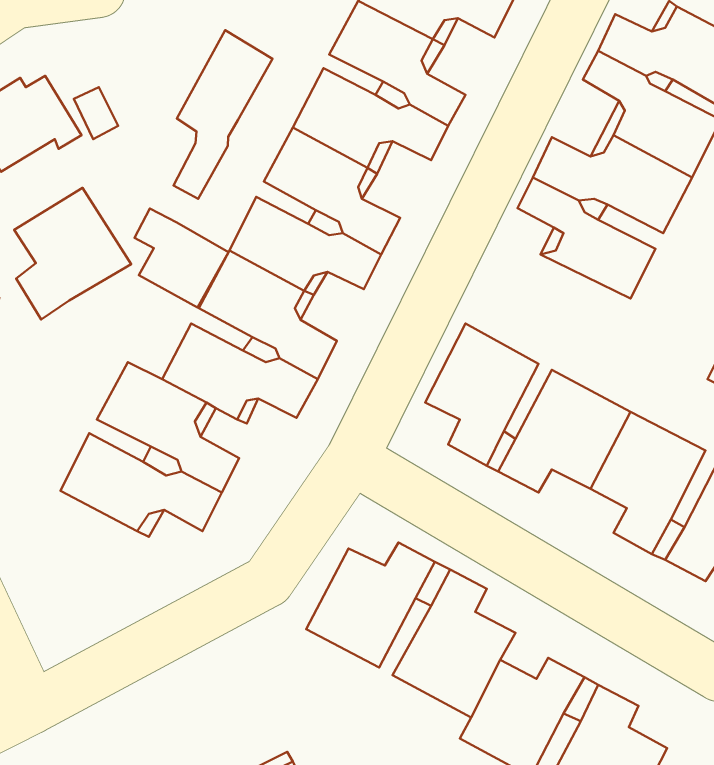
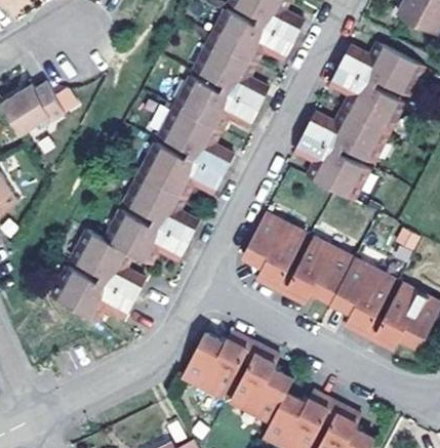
building: [174,30,272,199] -> none
building: [14,188,131,320] -> none
building: [135,209,229,307] -> none

